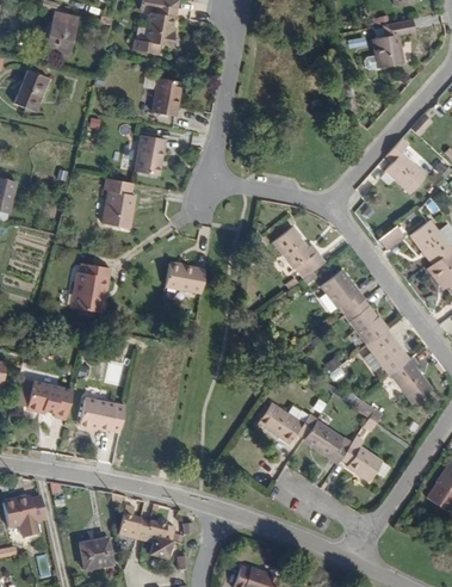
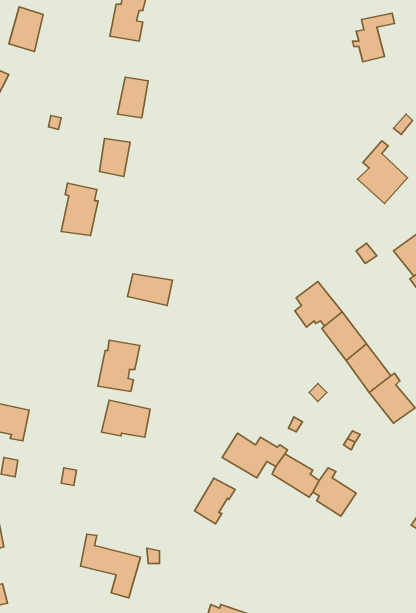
building: [271,224,323,272] -> none
building: [72,260,111,308] -> [98,340,140,391]
building: [78,395,123,430] -> [102,400,150,437]
building: none -> [194,478,235,524]
building: [81,536,112,566] -> none

